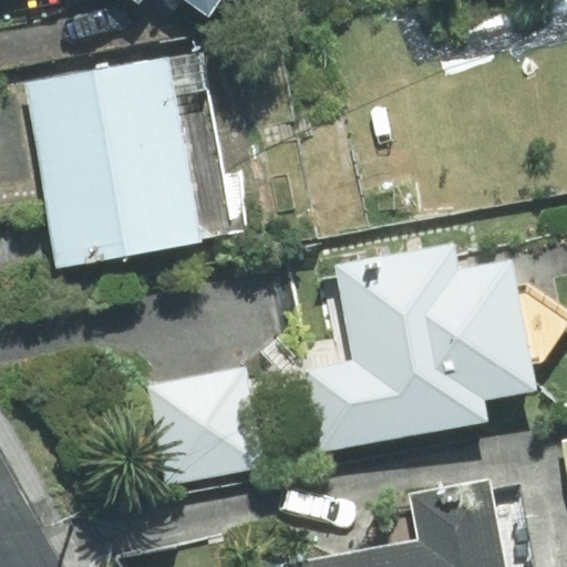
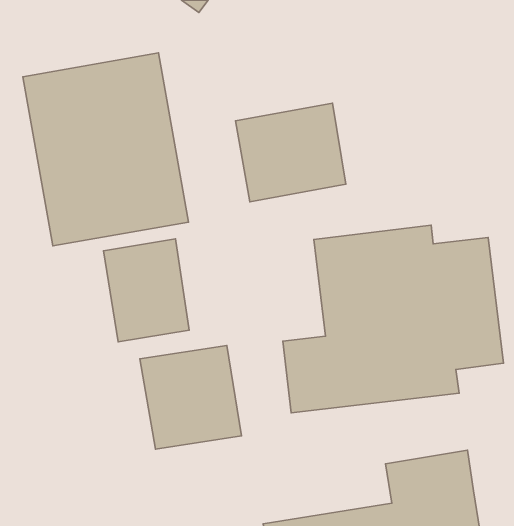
building: none -> [236,103,346,202]
building: none -> [103,239,189,342]

